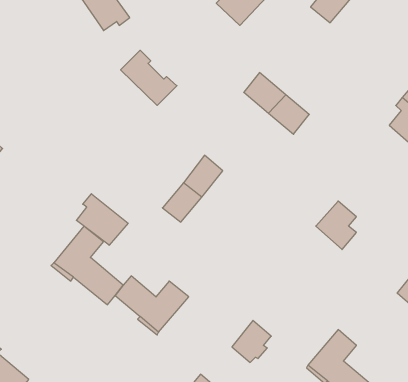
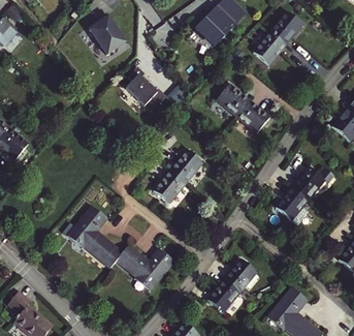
building: none -> [254,32,286,65]
building: none -> [292,164,332,197]
building: [76,194,128,245] -> none
building: none -> [225,259,257,292]

